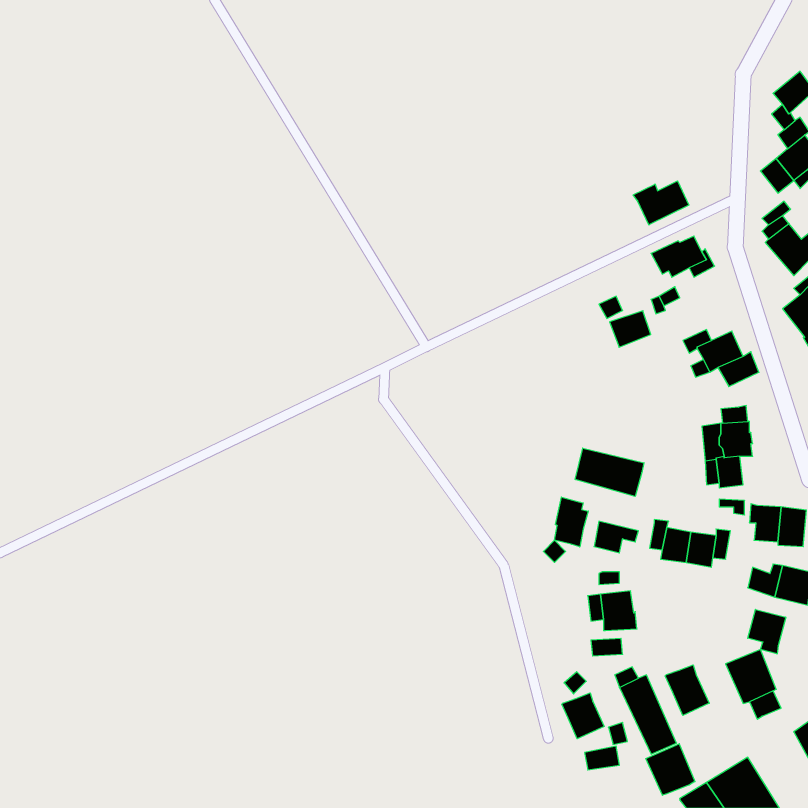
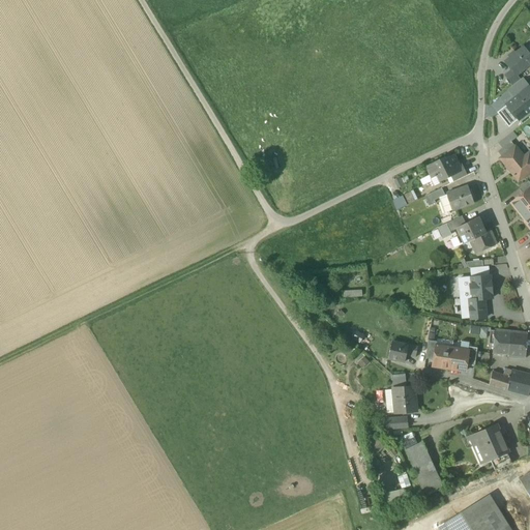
building: [633,181,689,225] -> none
building: [610,311,651,347] -> [447,186,474,210]
building: [575,448,644,496] -> none
building: [555,497,588,547] -> none
building: [748,609,786,654] -> none
building: [665,665,709,715] -> none
building: [562,693,604,739] -> none
building: [646,744,695,795] -> none

